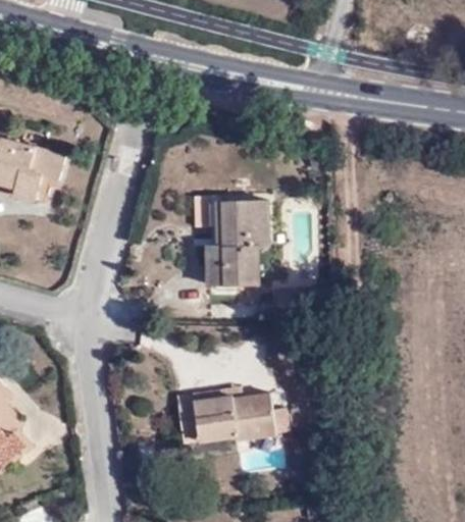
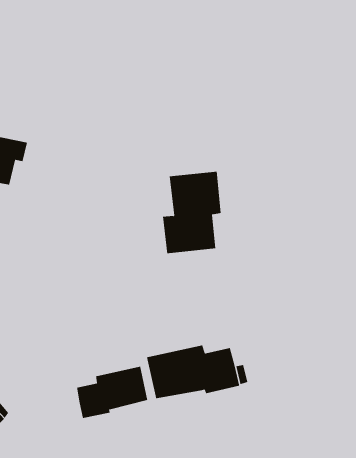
building: none -> [76,366,148,419]

